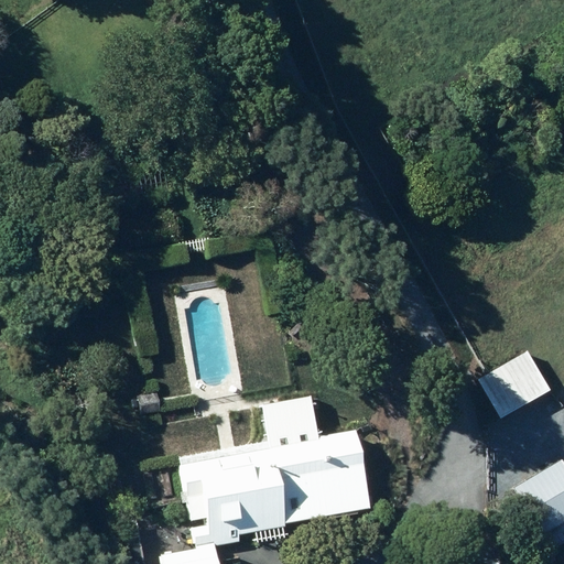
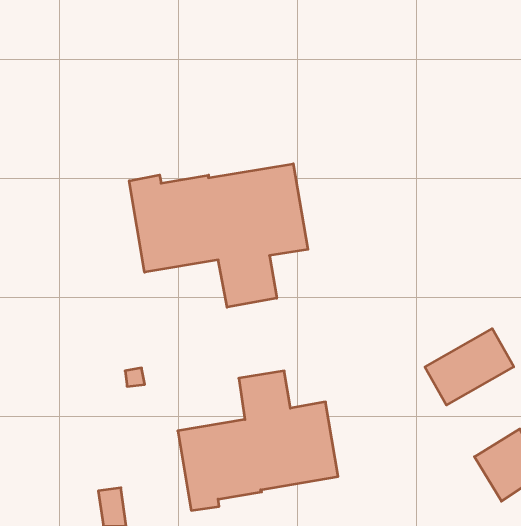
building: none -> [129,164,308,307]

